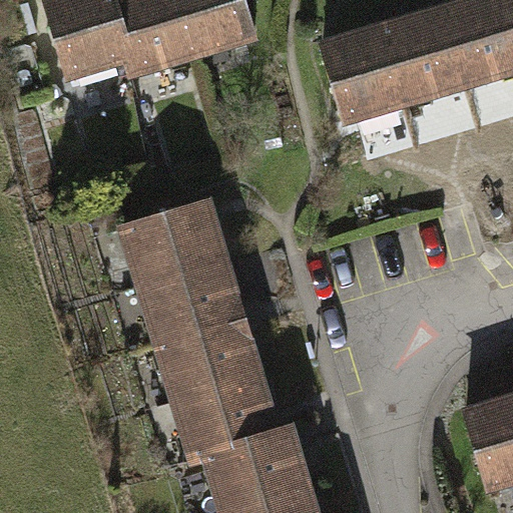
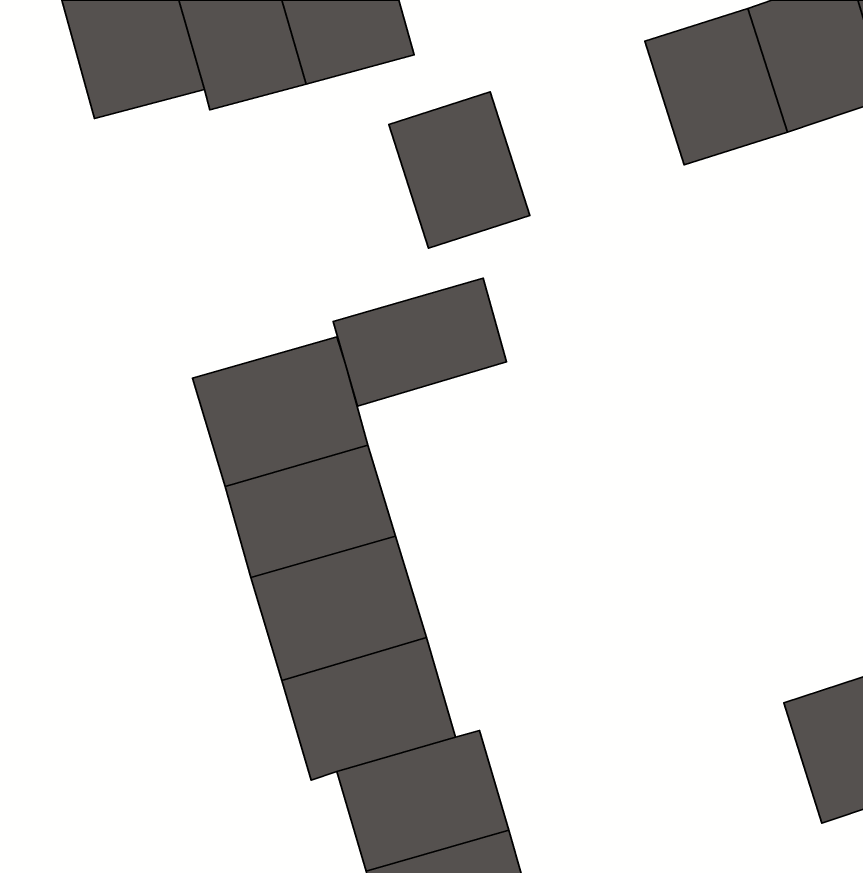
building: [326,27,408,118] -> [389,92,530,248]
building: none -> [333,278,507,406]

